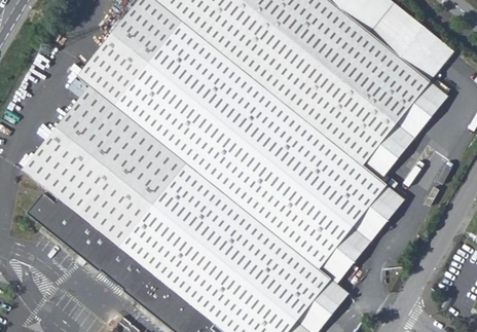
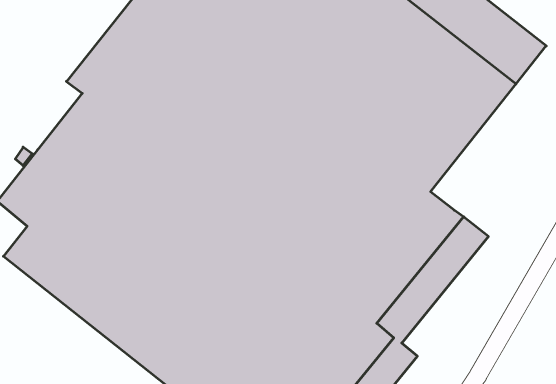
building: [363,79,448,178] -> none

